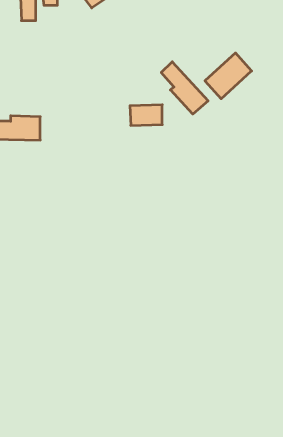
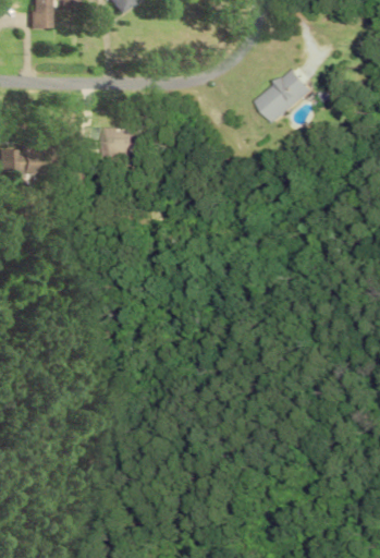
building: [161,62,208,114] -> none
building: [130,105,162,125] -> [95,128,134,153]

